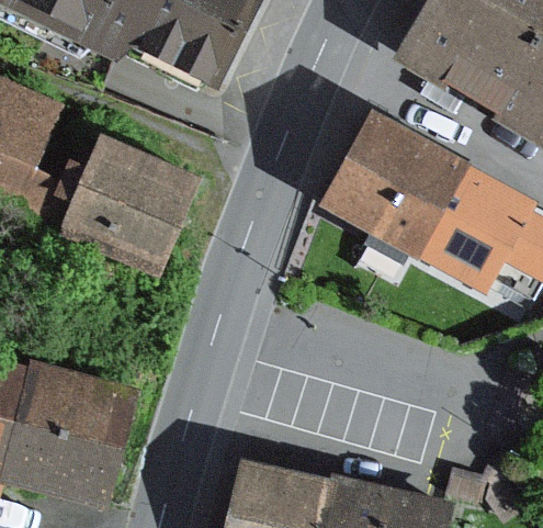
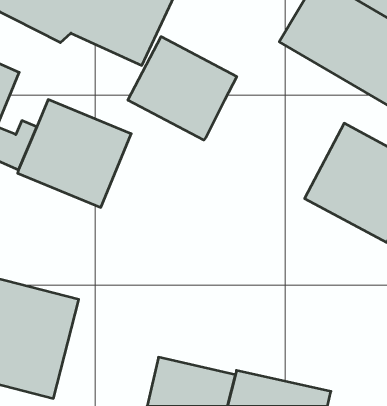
building: none -> [128,37,237,140]
building: [318,113,470,260] -> none

